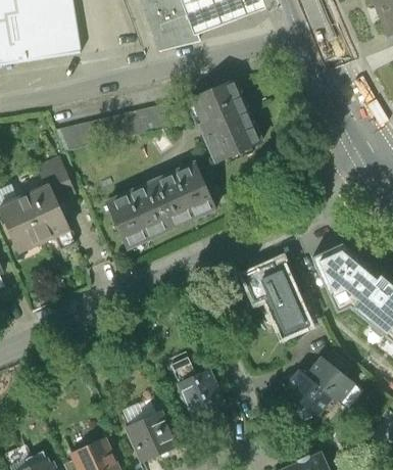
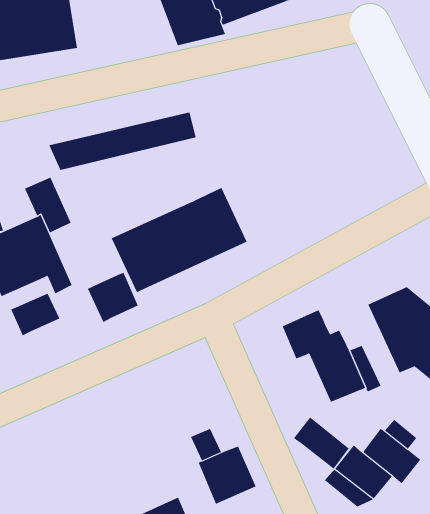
building: [190,80,260,161] -> none
building: none -> [87,272,138,323]
building: none -> [10,293,60,336]
building: none -> [293,417,350,470]

